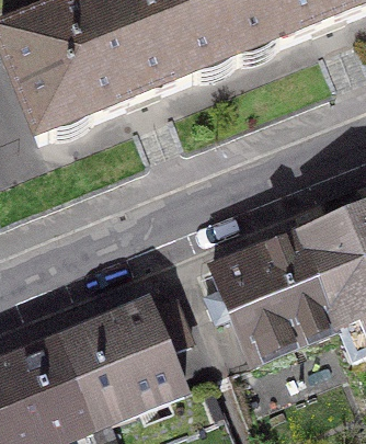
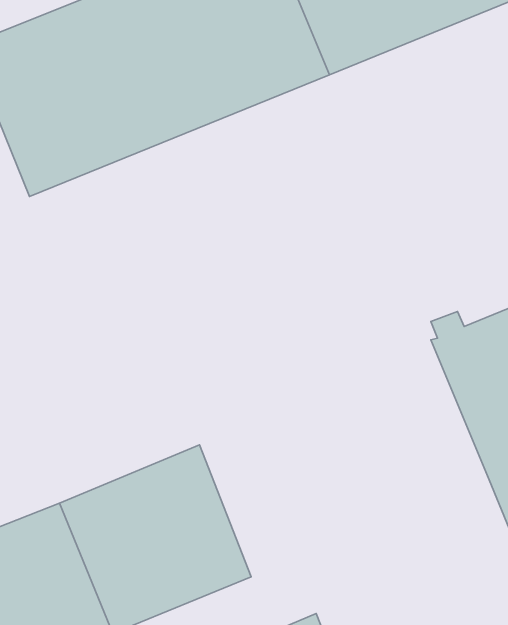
building: [205,230,338,358] -> none

